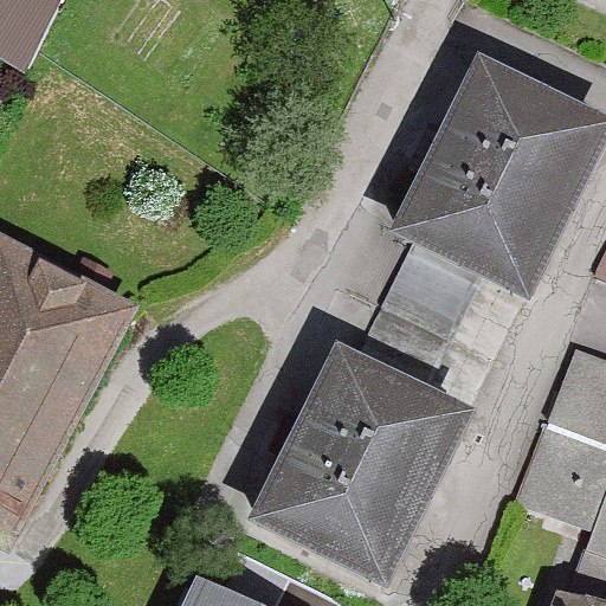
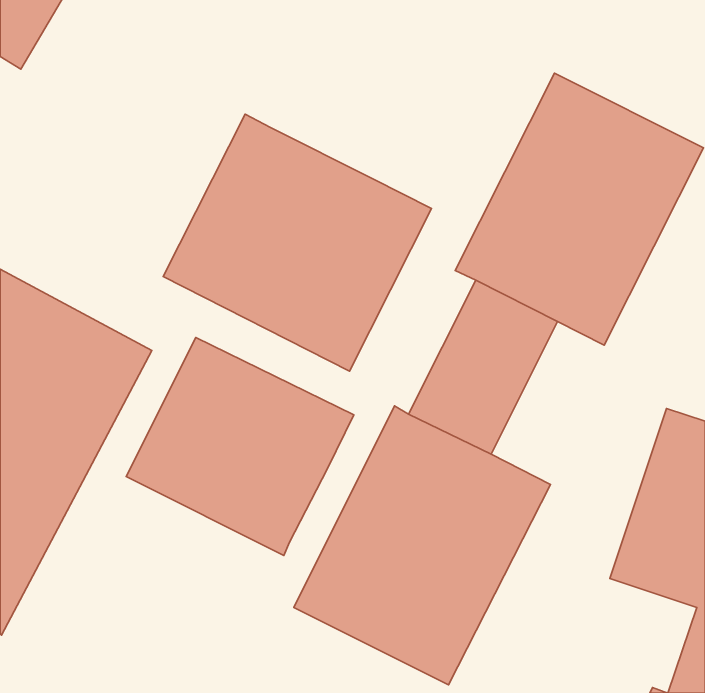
building: none -> [163,114,431,371]
building: none -> [126,338,354,556]

